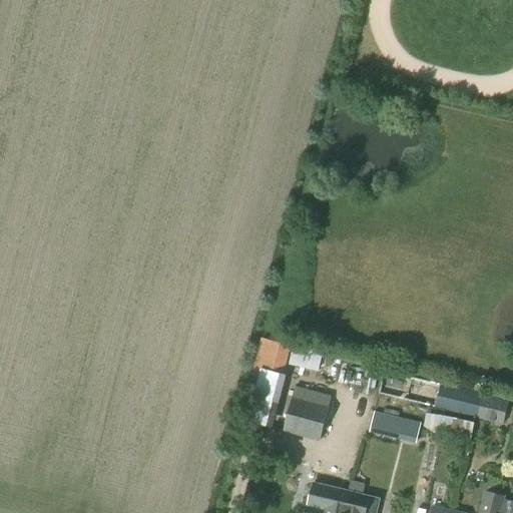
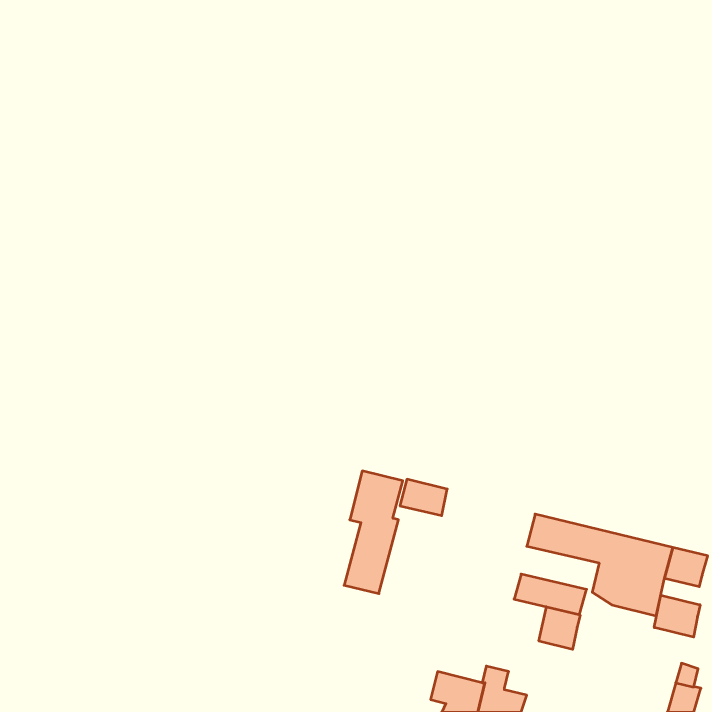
building: [284,389,331,440] -> none
building: none -> [654,595,700,637]
building: none -> [539,607,580,649]

